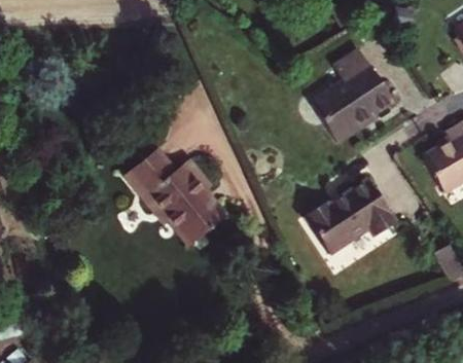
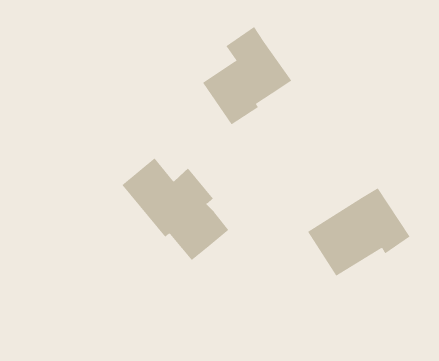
building: [312,49,395,141] -> [202,26,292,125]

